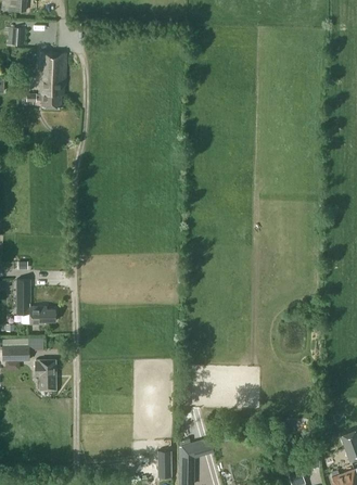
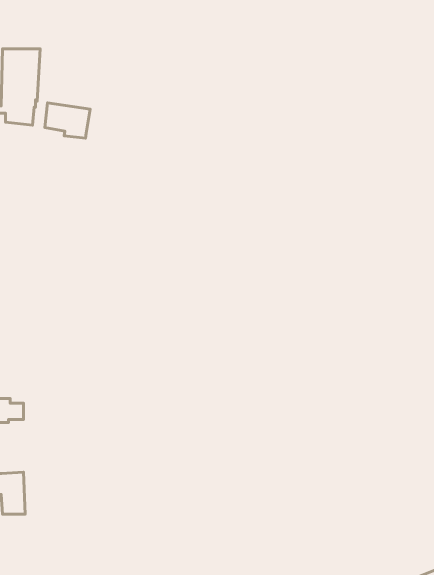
building: none -> [45,103,90,138]

